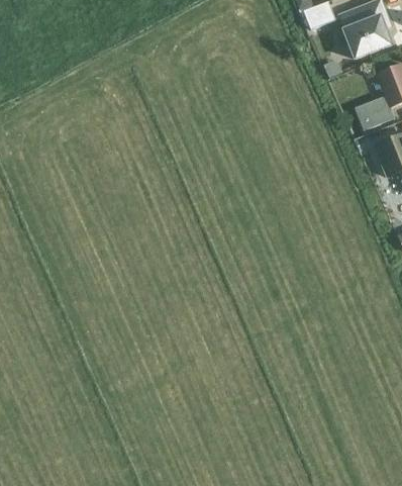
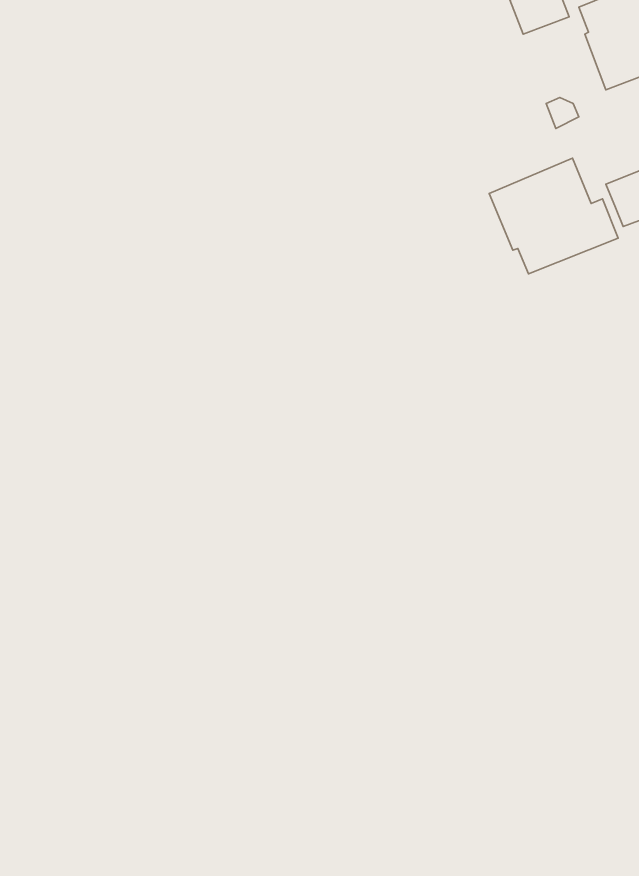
building: none -> [489,158,618,274]

